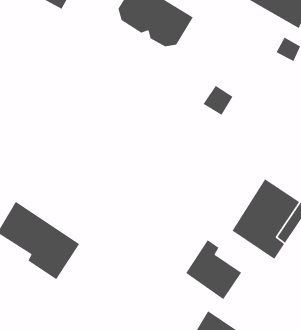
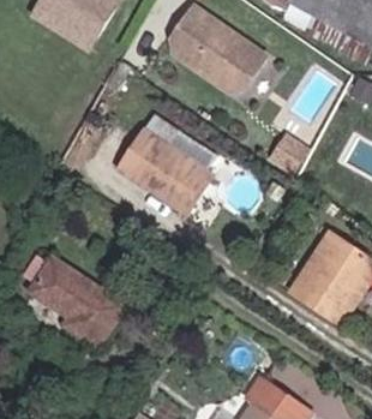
building: none -> [121,114,228,221]
building: [185,239,242,300] -> none

